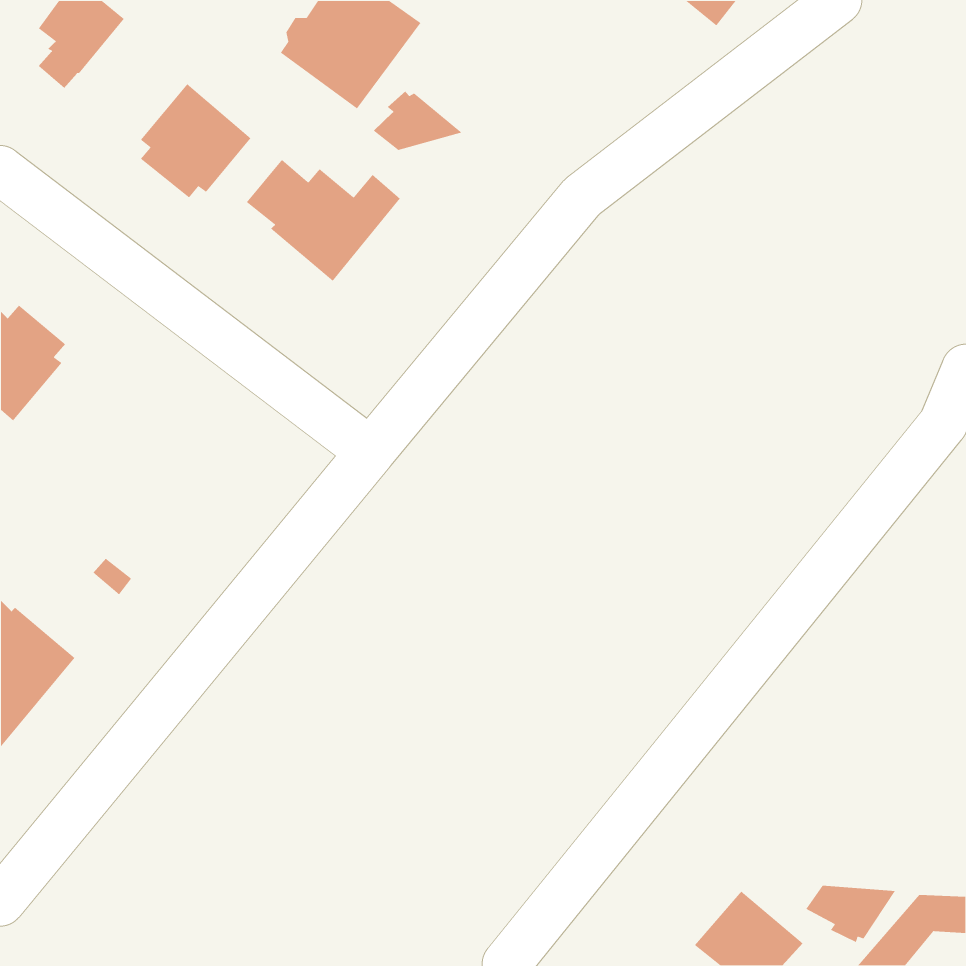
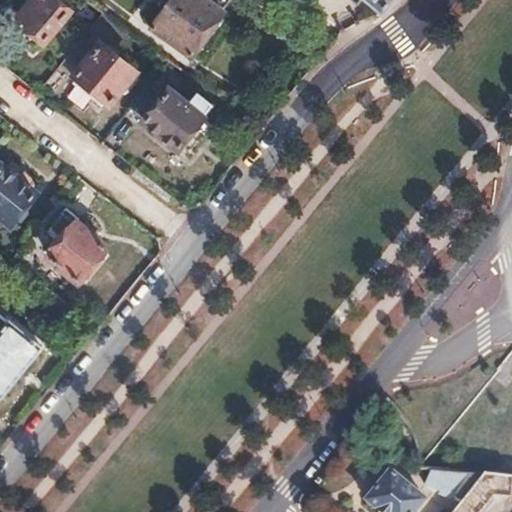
building: [373,90,463,151] -> none
building: none -> [46,206,106,278]

